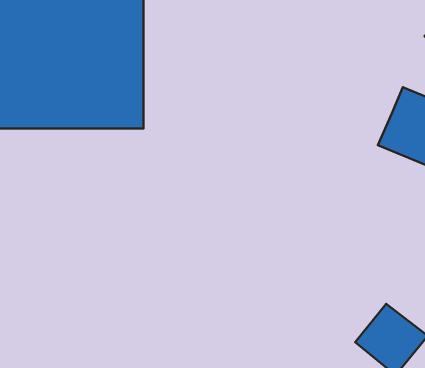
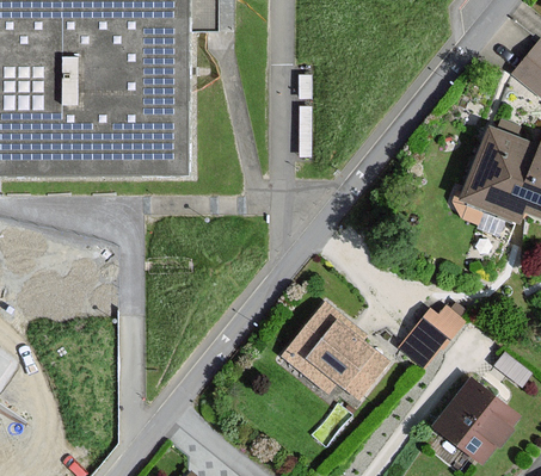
building: none -> [281,299,387,396]
building: none -> [398,304,463,365]

